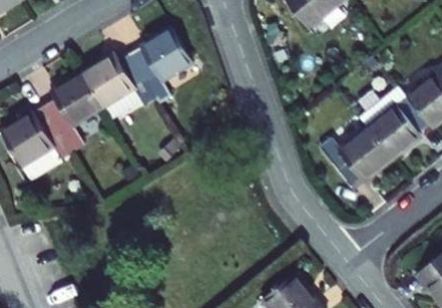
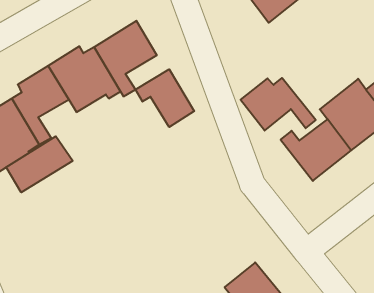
building: none -> [135,69,194,127]
building: none -> [241,78,316,131]
building: none -> [6,136,73,192]

